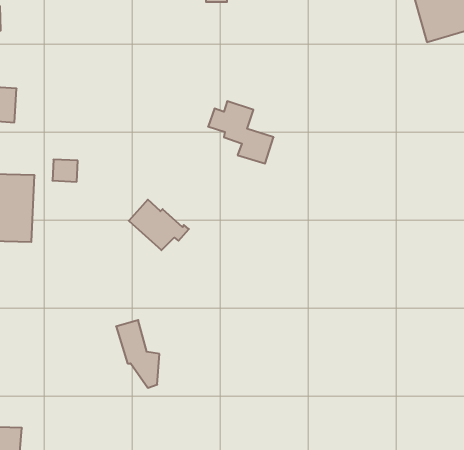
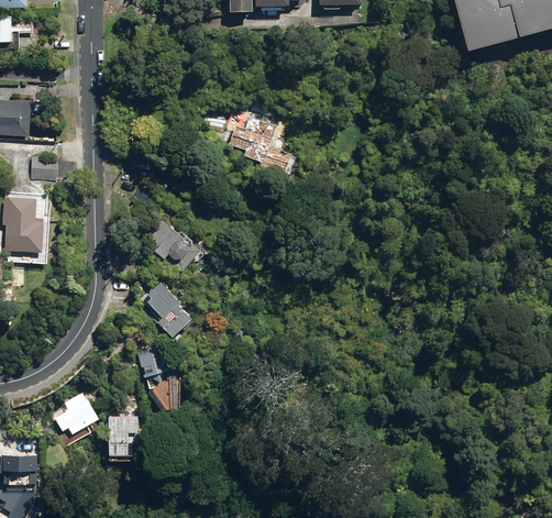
building: [52,160,78,182] -> [29,157,55,180]
building: none -> [146,282,192,340]
building: none -> [52,393,98,436]
building: none -> [107,417,136,455]

